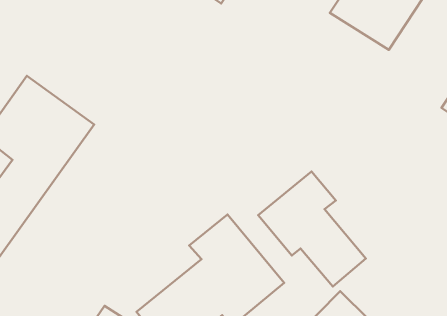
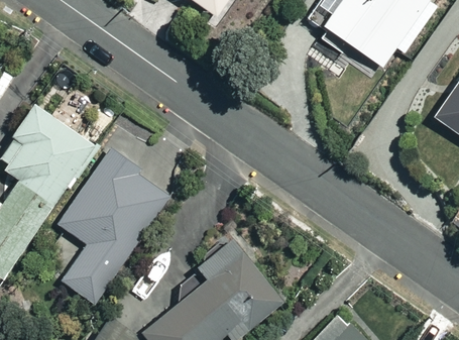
building: none -> [53,151,167,305]
building: [258,172,366,286] -> none

